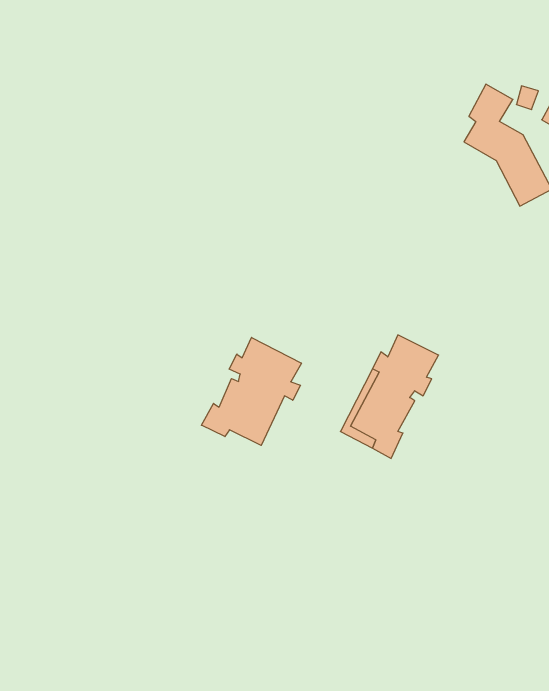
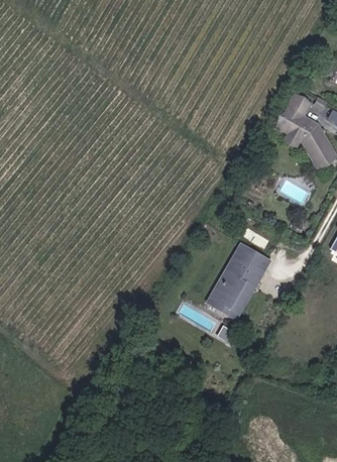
building: [201,337,301,445] -> none

